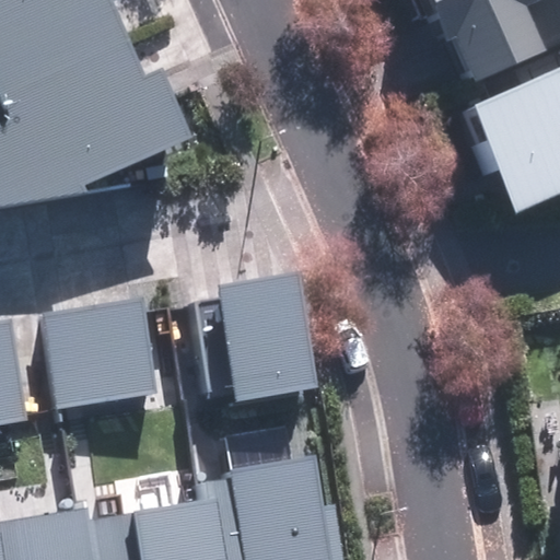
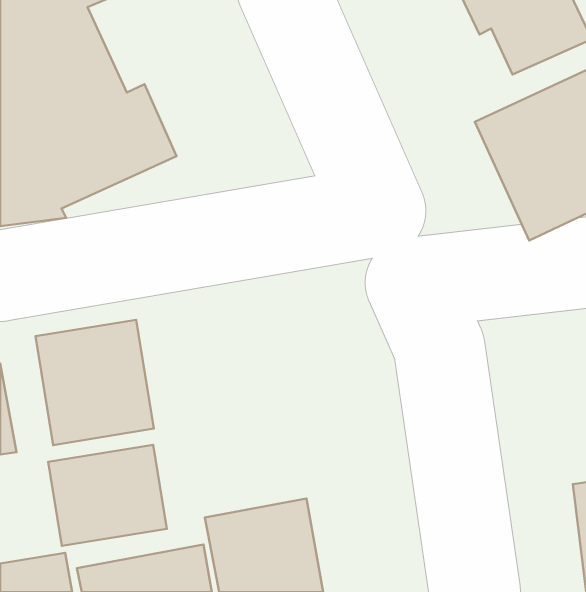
building: [213,276,310,407] -> none
building: none -> [48,445,167,546]

